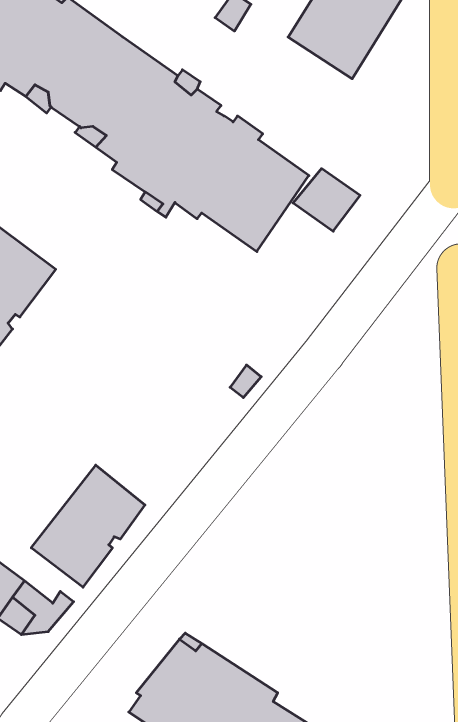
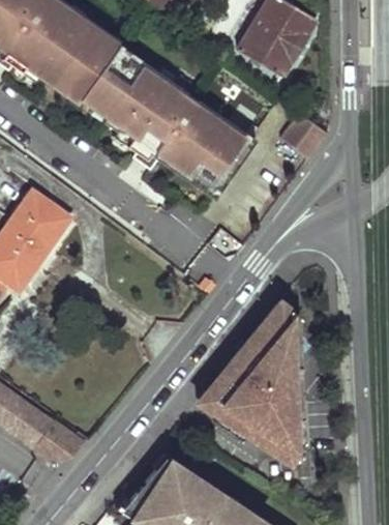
building: [293,169,360,231] -> [281,114,328,157]
building: none -> [199,299,293,461]
building: [31,465,145,587] -> none

